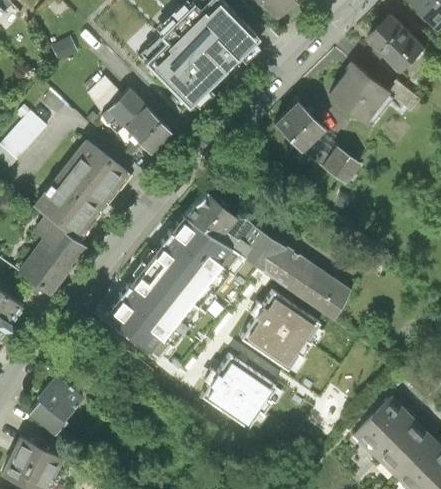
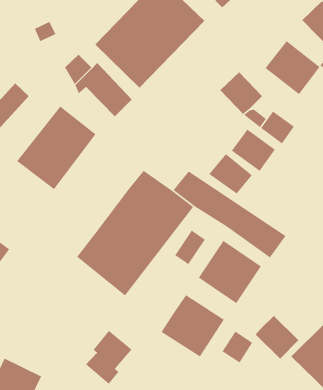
building: none -> [231,128,276,172]
building: [183,189,236,238] -> [208,153,253,195]
building: [17,213,88,296] -> none
building: none -> [174,229,206,265]
building: [27,374,83,439] -> [85,330,133,385]
building: none -> [255,315,299,360]
building: none -> [222,330,253,363]

